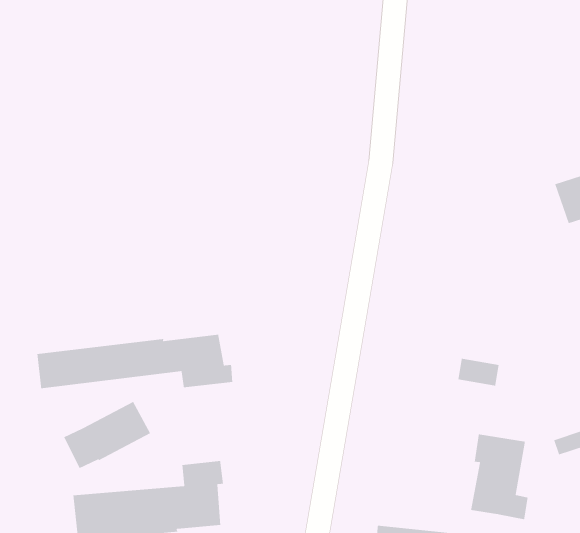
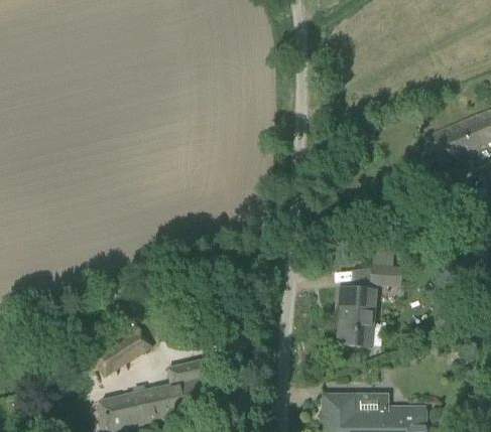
building: [36,334,233,389] -> none
building: [470,433,529,520] -> [337,288,379,347]

